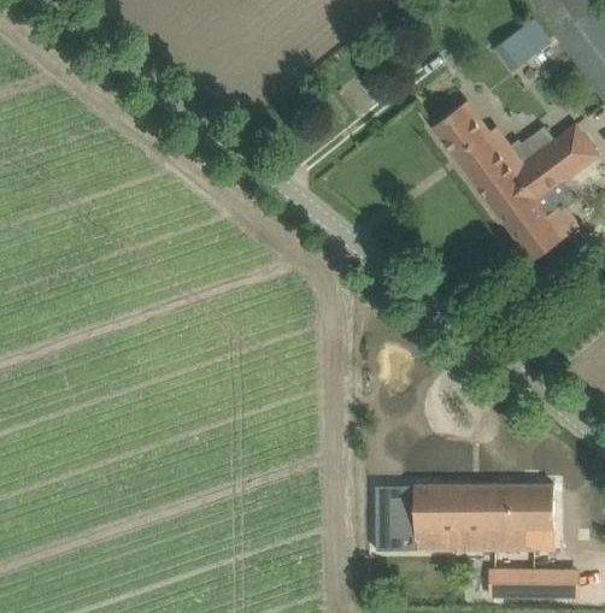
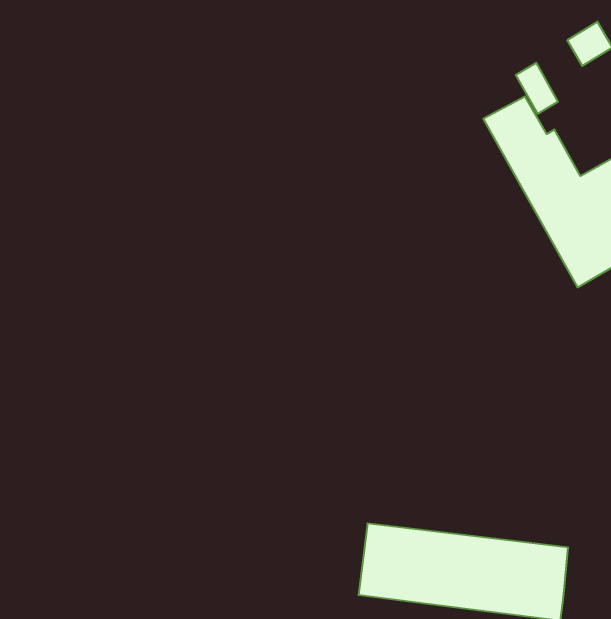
building: none -> [516,63,558,114]

